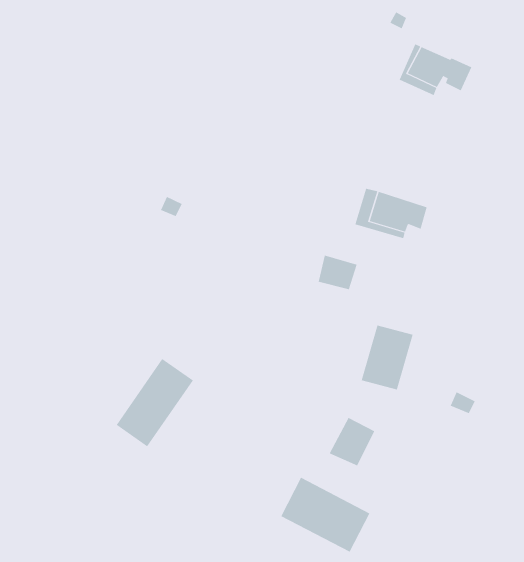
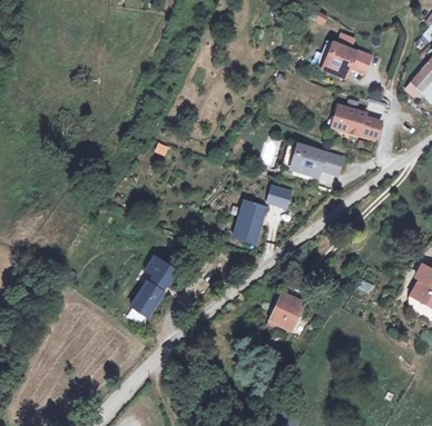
building: none -> [340,105,384,137]
building: [361,325,413,390] -> [229,201,266,247]
building: [281,477,370,553] -> none

